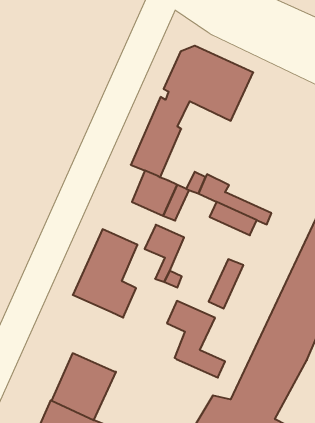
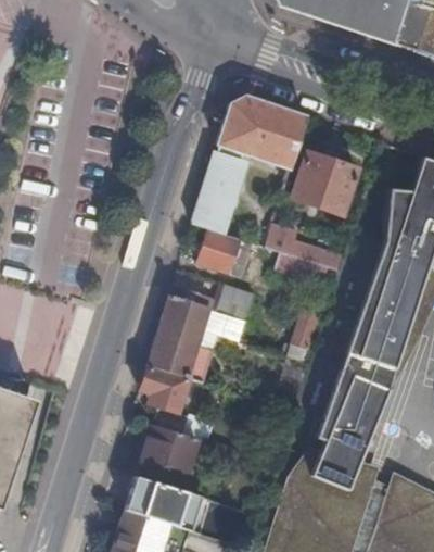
building: none -> [291,152,357,215]
building: [167,301,225,378] -> [139,365,203,439]

